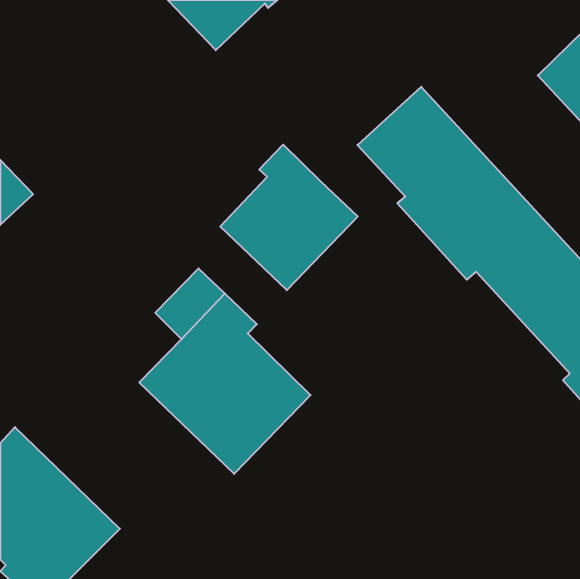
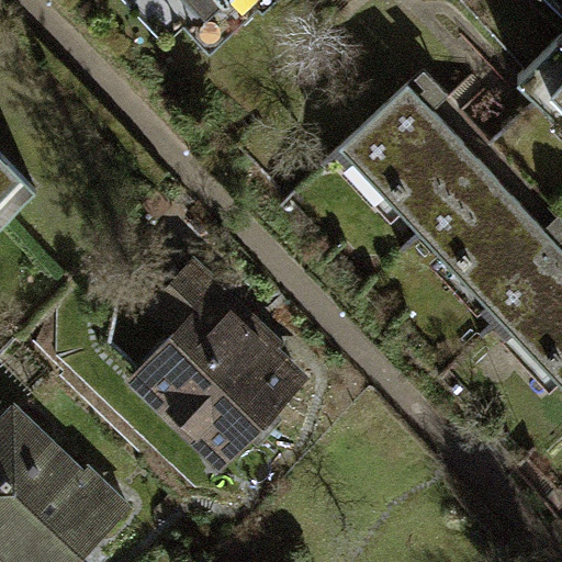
building: [220,145,358,290] -> none

